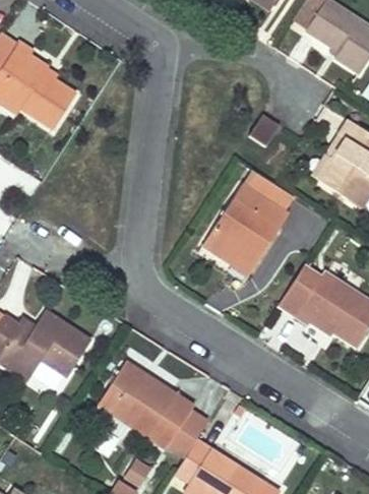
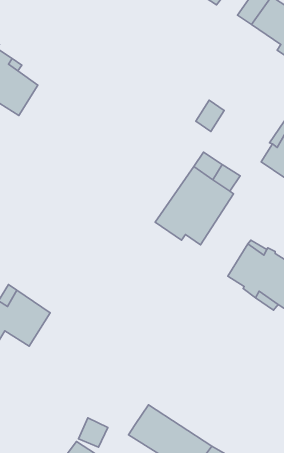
building: [98,362,205,461] -> none

